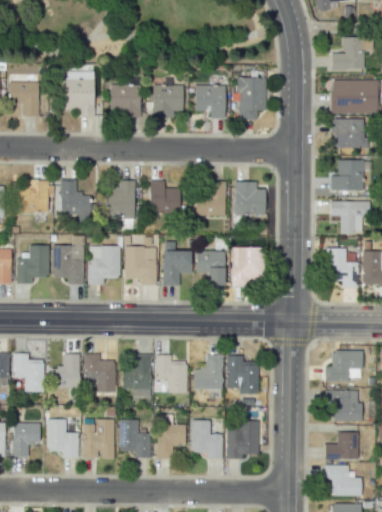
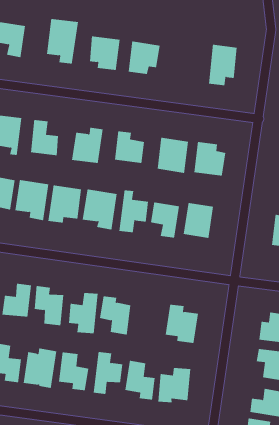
building: [195,84,225,118] -> none
building: [193,354,223,389] -> none

